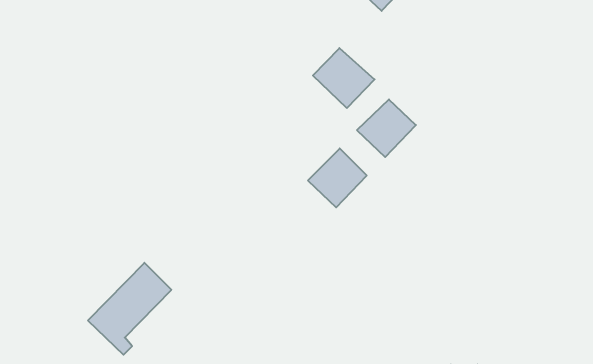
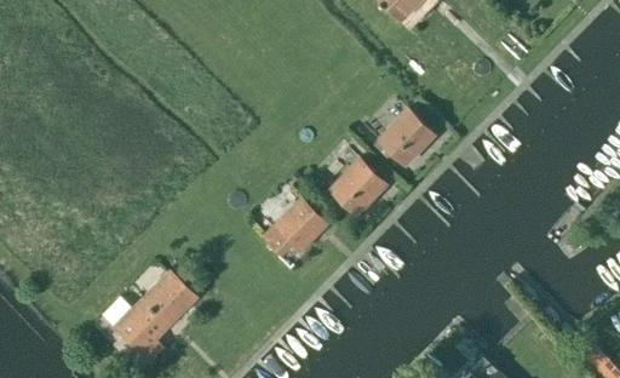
building: [313,48,375,108] -> none
building: none -> [265,199,329,254]

